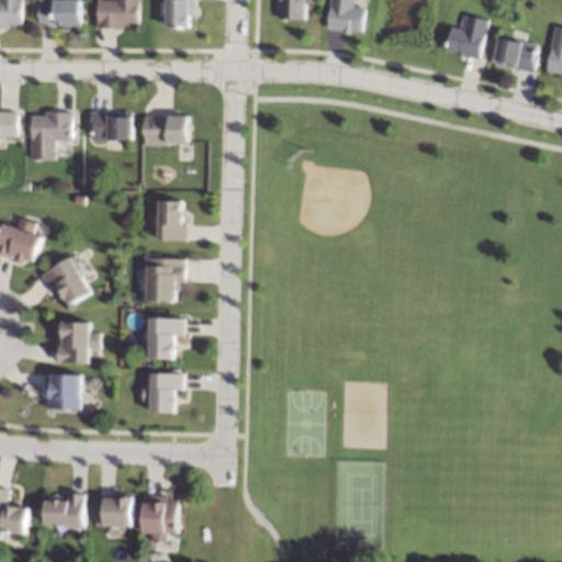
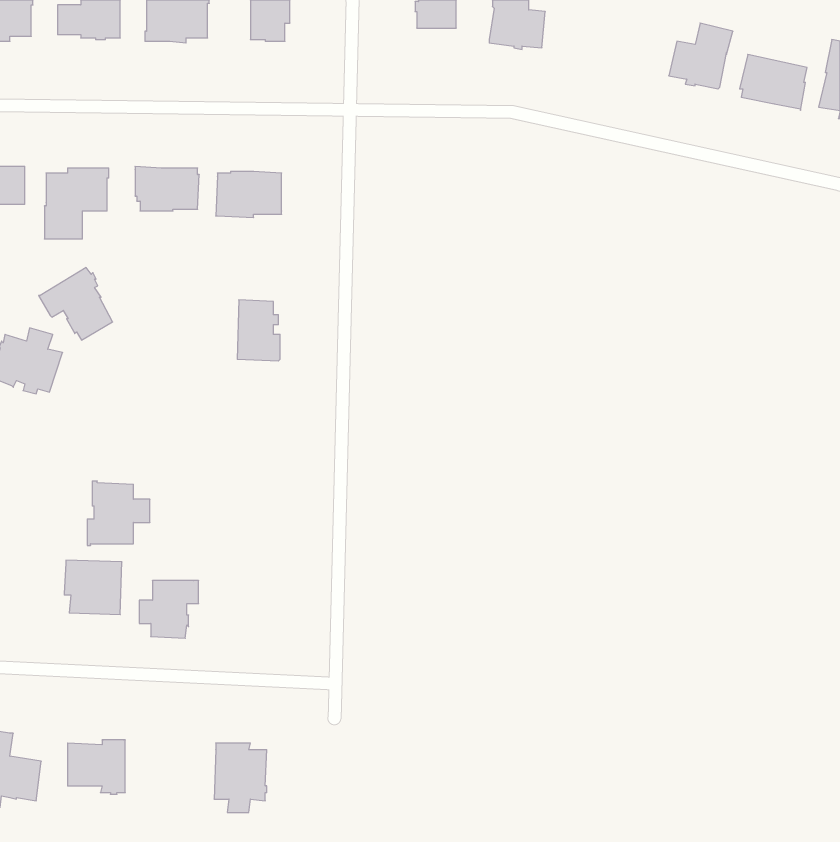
building: [41,256,90,304] -> [39,268,113,340]
building: [145,258,184,302] -> none
building: [147,315,184,358] -> none
building: [143,373,182,412] -> [139,581,199,638]
building: [94,494,132,526] -> none

